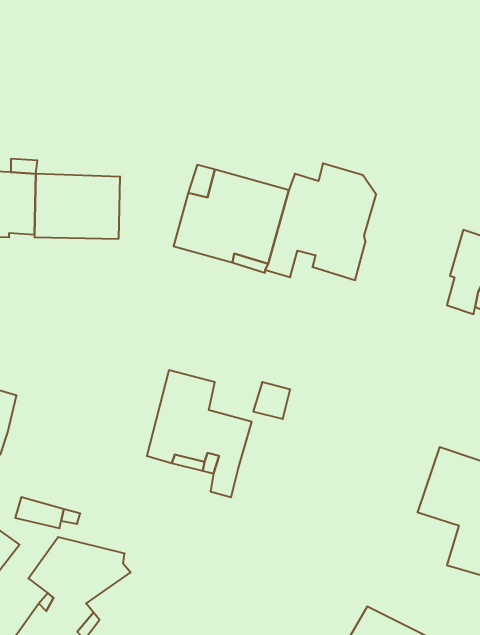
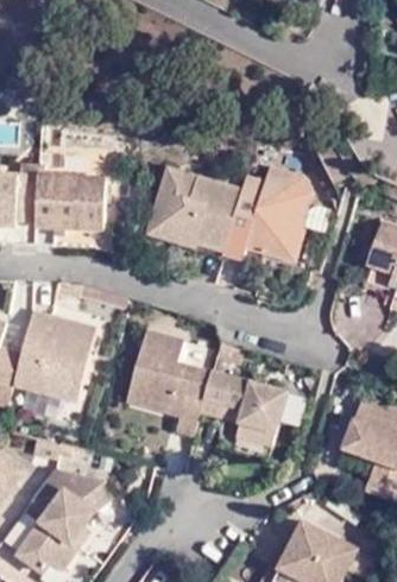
building: none -> [14,309,94,398]
building: none -> [200,371,286,445]

